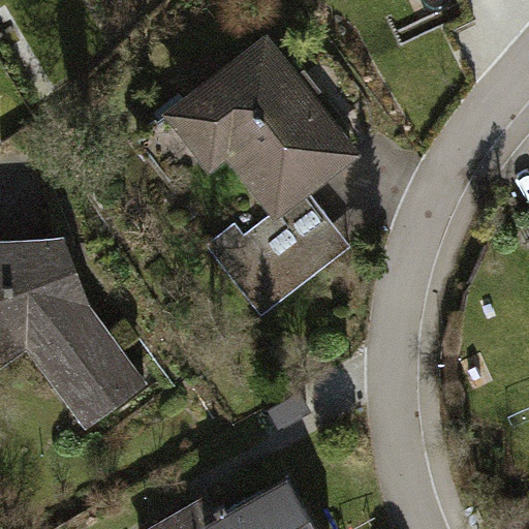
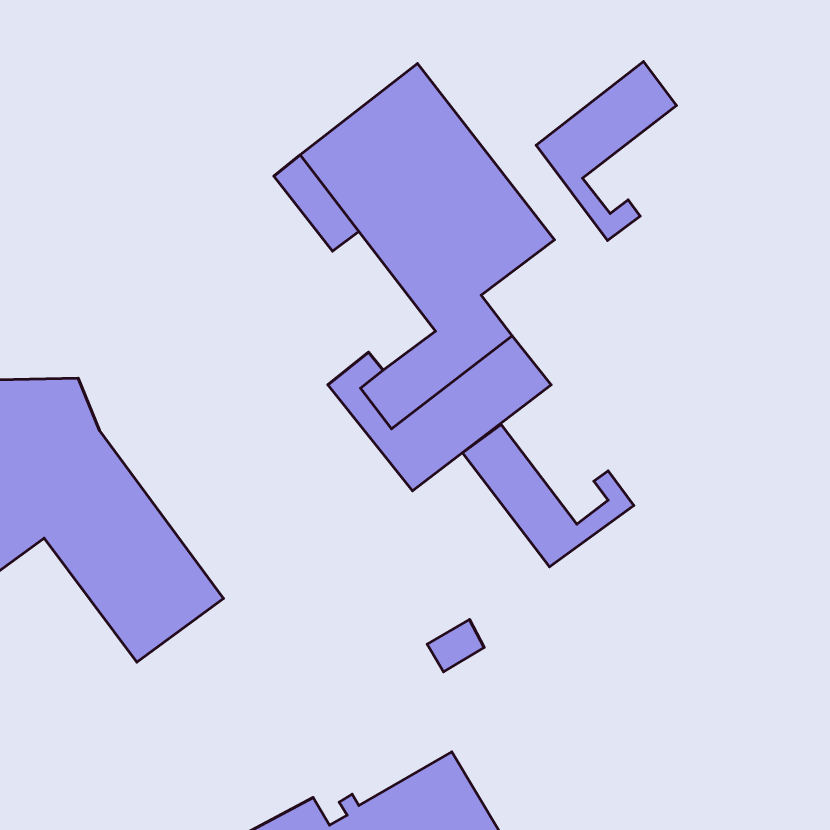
building: none -> [536,62,676,240]
building: none -> [462,424,634,567]

